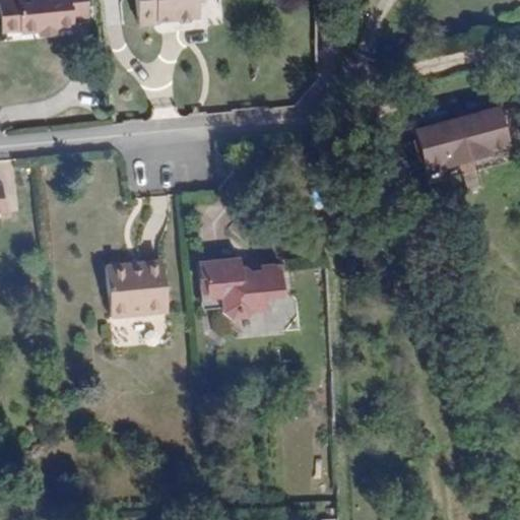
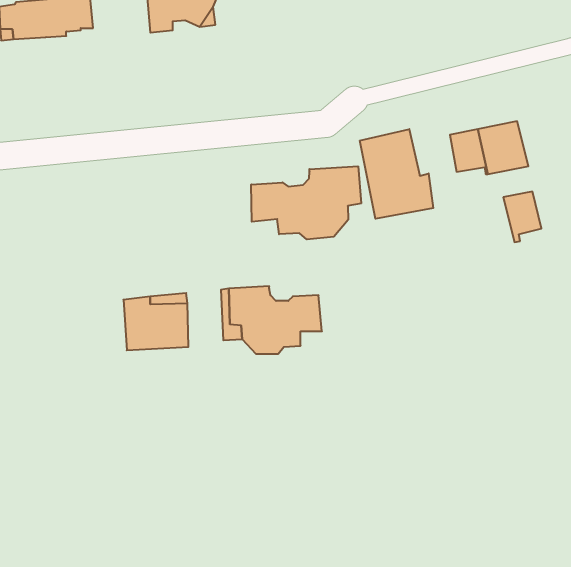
building: [468,105,503,150] -> [503,192,541,242]
building: none -> [360,129,433,219]
building: none -> [251,166,361,239]

